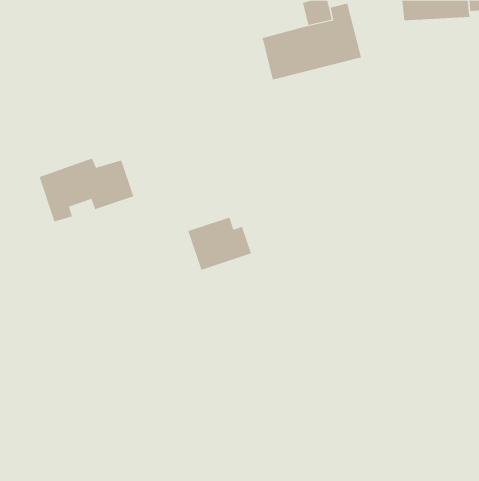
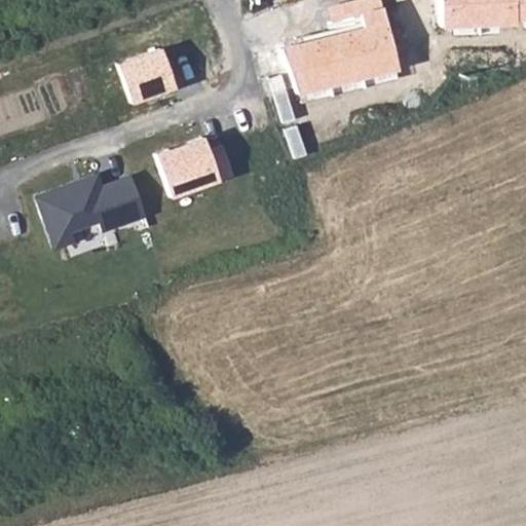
building: none -> [120,47,177,102]
building: [188,217,252,271] -> [159,137,229,195]

